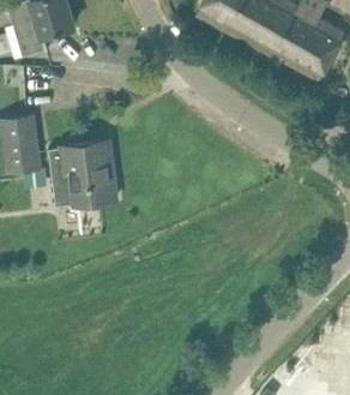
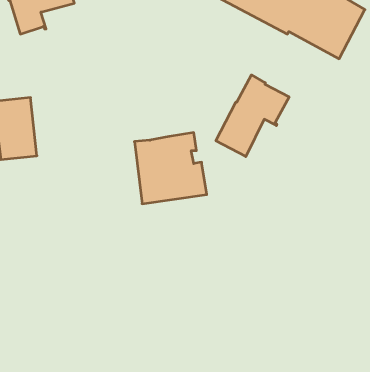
building: none -> [216,75,289,157]
building: [49,142,116,208] -> [134,133,207,204]

